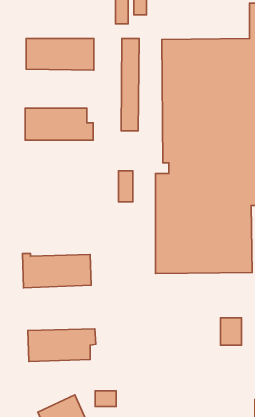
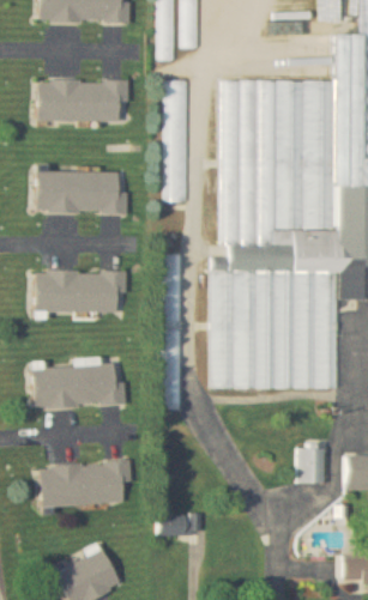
building: none -> [35,271,125,313]
building: [95,391,116,406] -> [156,515,183,535]

